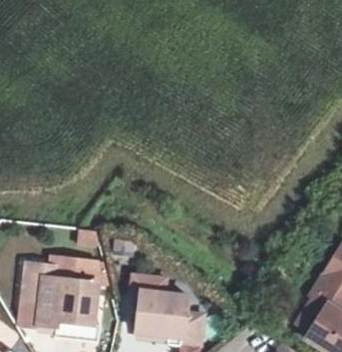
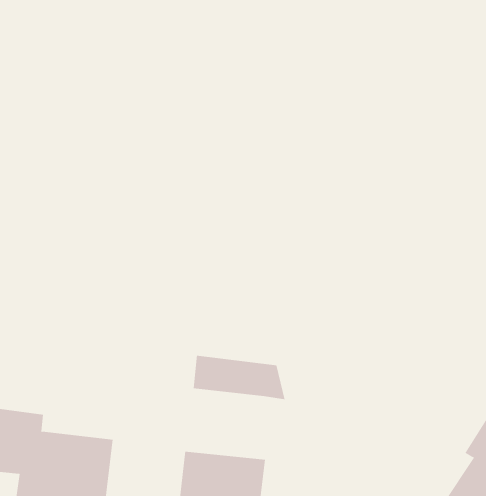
building: [53,260,109,287] -> [193,355,286,400]

